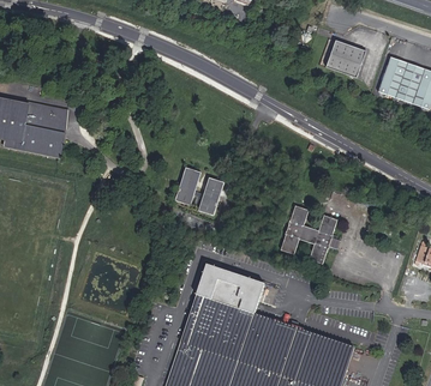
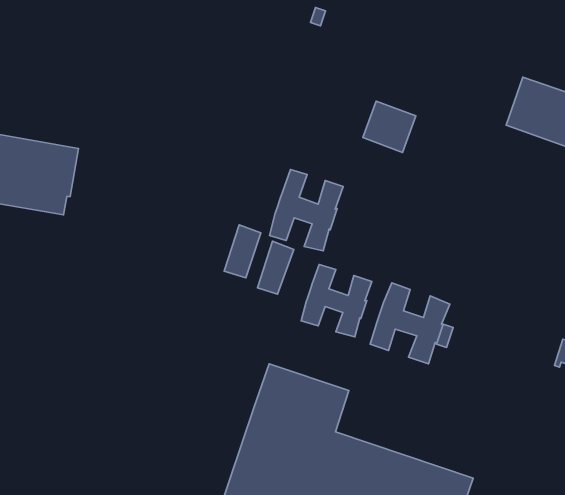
building: [327,40,365,77] -> [363,101,416,152]
building: none -> [269,169,343,251]
building: none -> [301,264,372,337]

